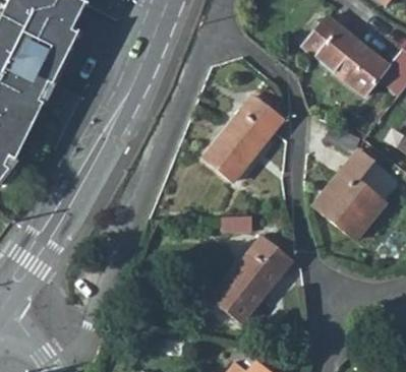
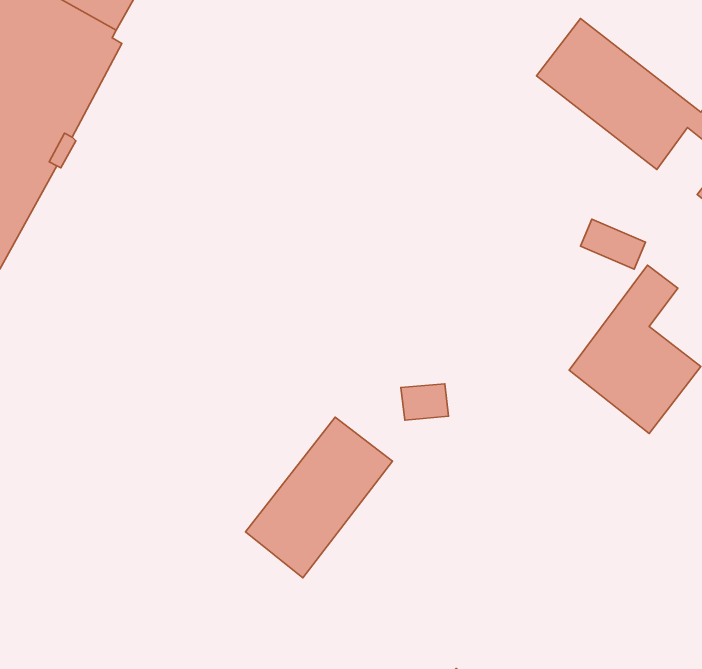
building: [202,96,281,182] -> none
building: [214,236,292,321] -> [245,417,393,578]

